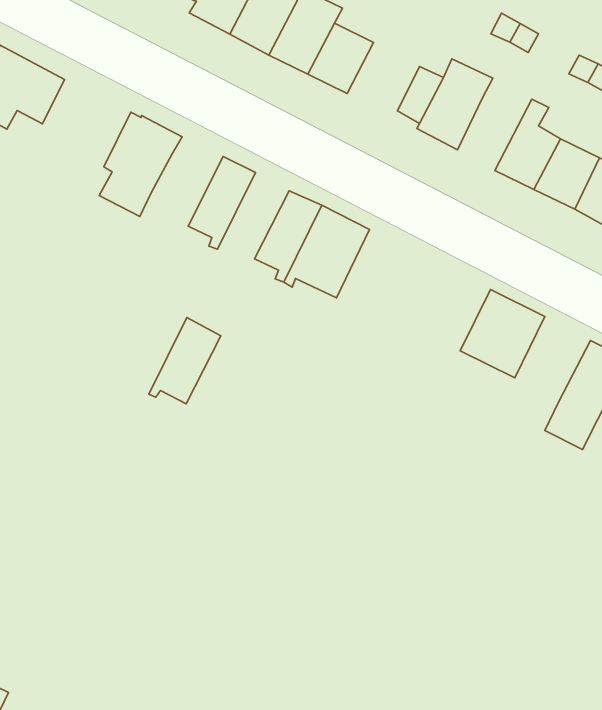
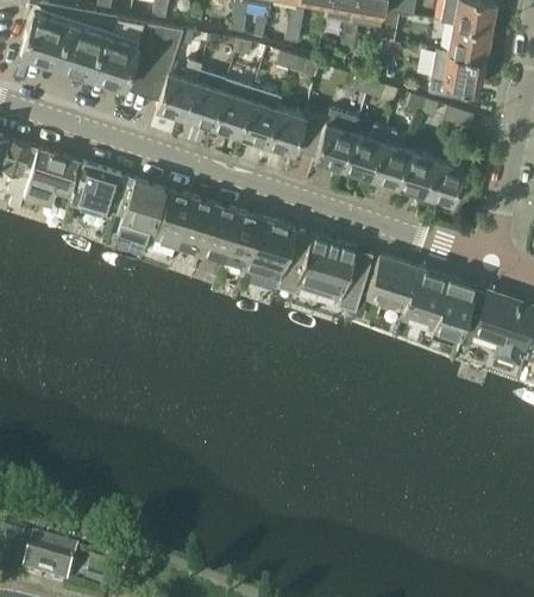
building: none -> [268,108,307,153]
building: none -> [71,164,130,216]
building: none -> [345,125,388,178]
building: none -> [155,189,194,246]
building: none -> [278,230,365,312]
building: none -> [406,268,451,321]
building: [149,318,221,404] -> [200,205,240,260]

